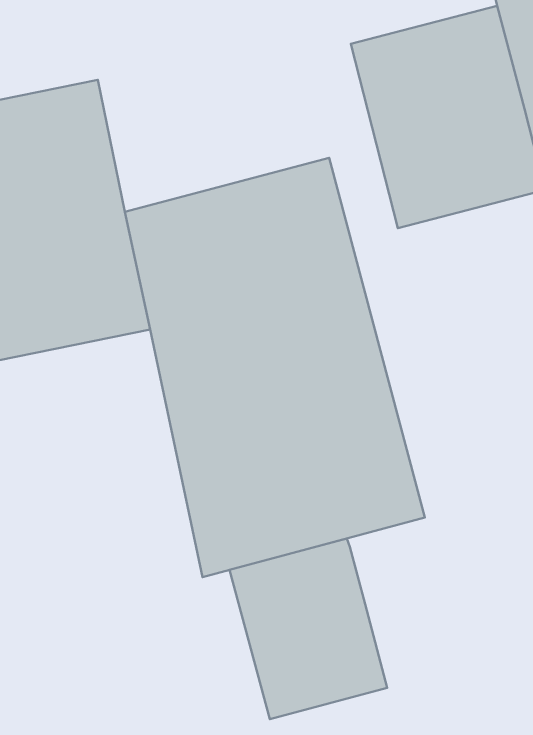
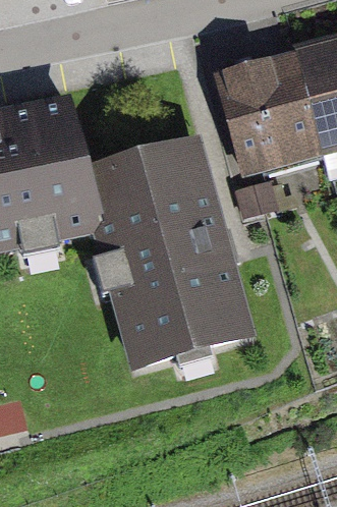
building: [229,539,387,719] -> none

